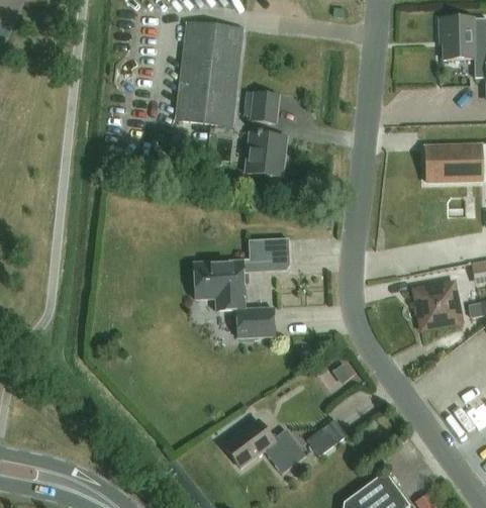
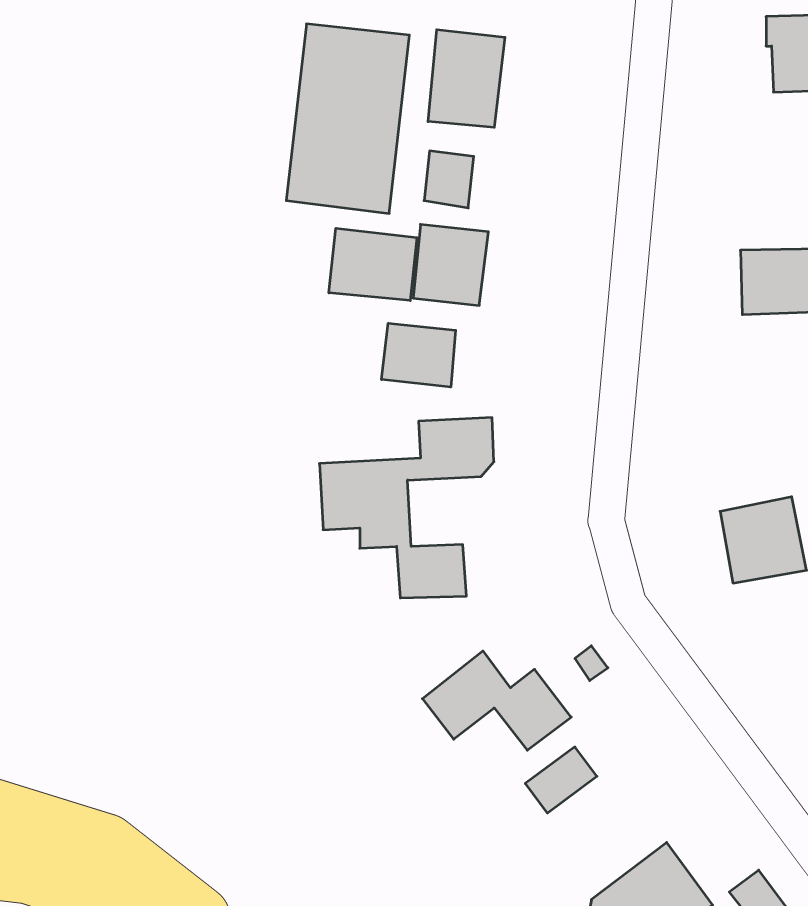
building: none -> [428,30,505,127]
building: none -> [329,228,417,301]
building: none -> [382,323,456,387]
building: [223,418,305,473] -> [422,651,571,750]

